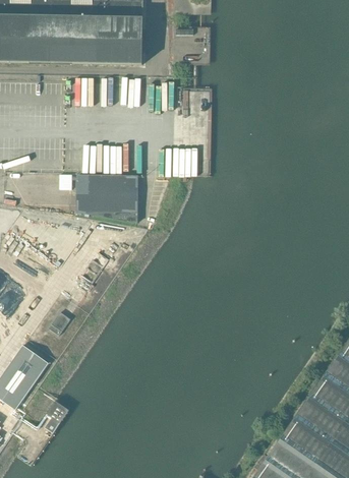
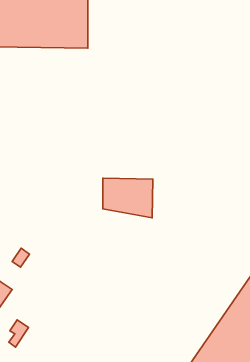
building: [78,173,140,222] -> [103,178,153,218]

